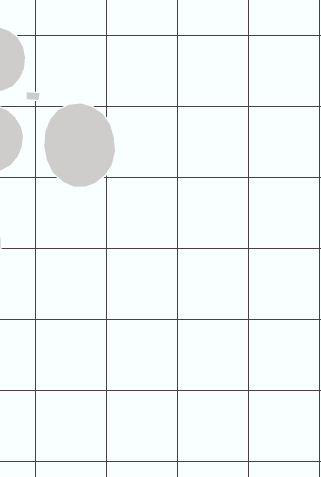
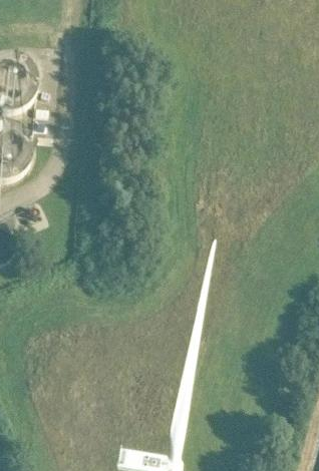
building: [44,103,116,187] -> none

